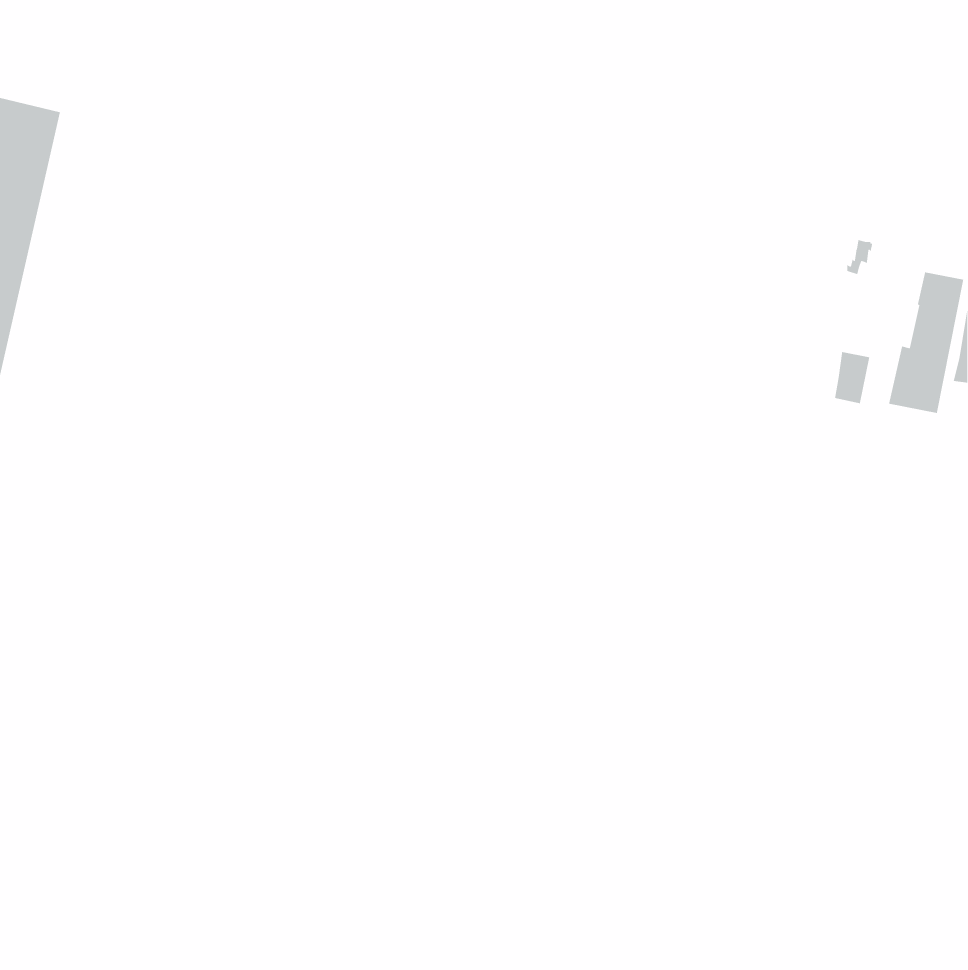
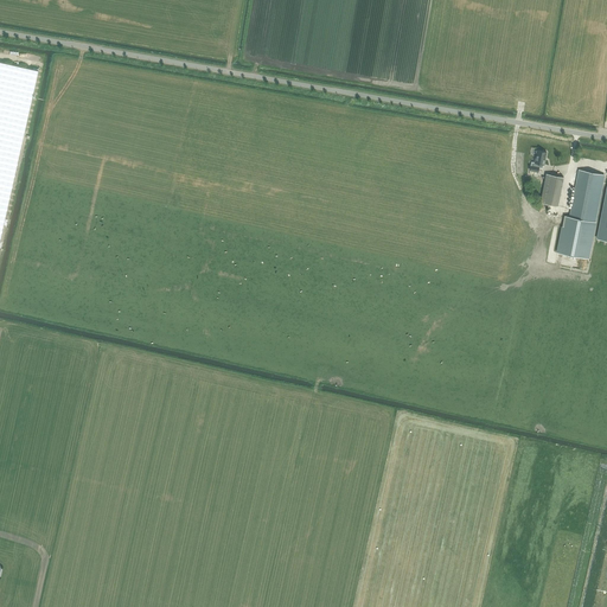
building: [834,351,870,404] -> [539,173,562,206]

